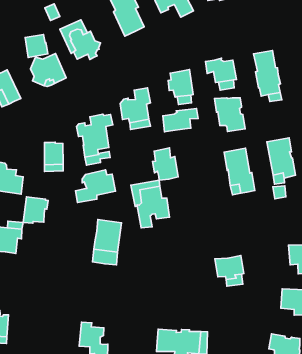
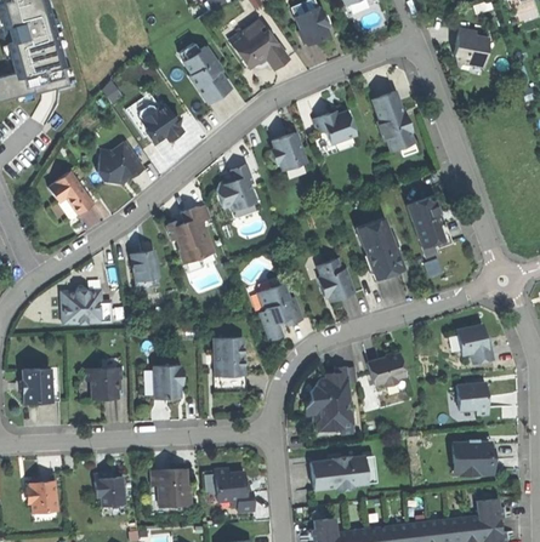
building: [25,35,48,57] -> none
building: [215,98,245,132] -> none
building: [163,108,198,132] -> none
building: [152,148,178,180] -> [317,258,352,301]
building: [75,170,116,203] -> none
building: [23,197,48,223] -> [153,365,181,399]
building: none -> [303,366,357,434]
building: none -> [149,468,191,506]

